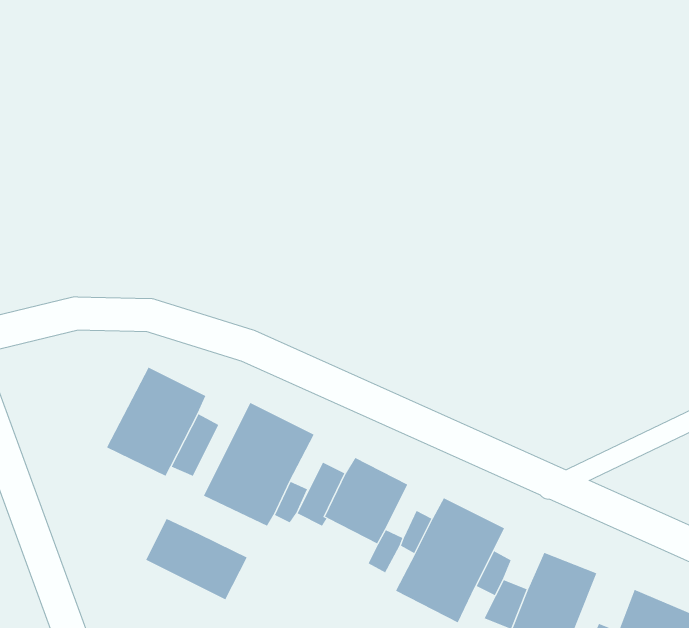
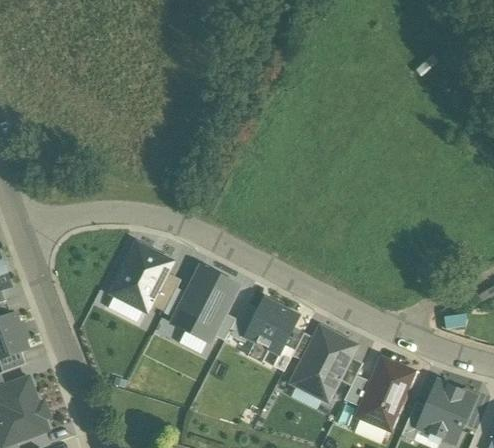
building: [146,518,248,600] -> none

